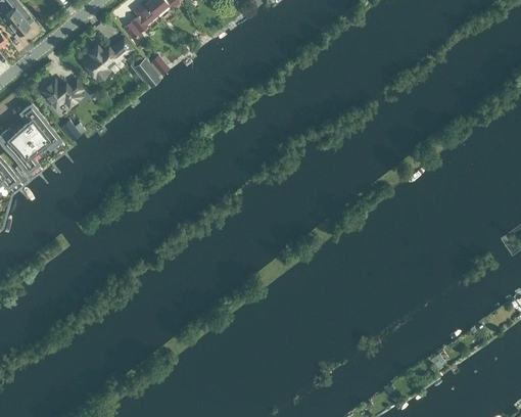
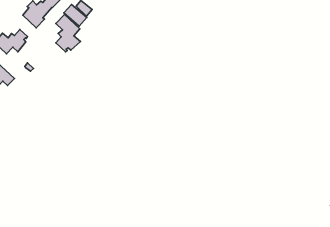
building: none -> [56,14,81,52]

